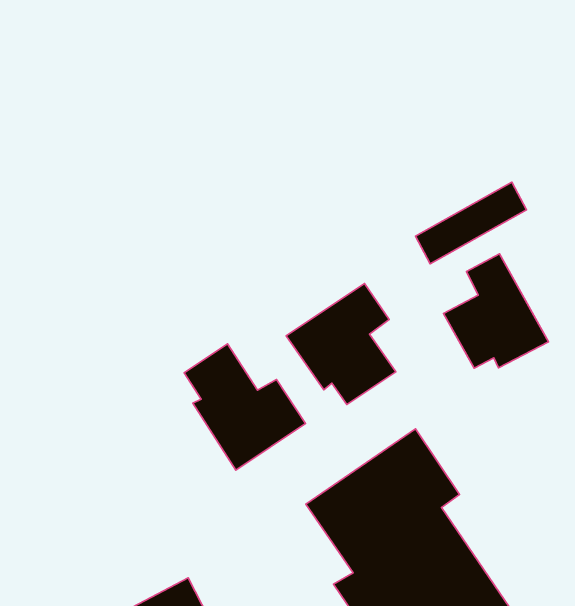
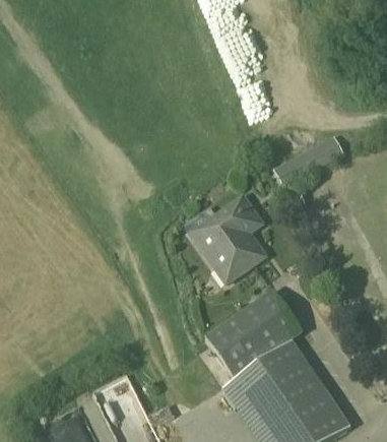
building: [444,254,548,368] -> none
building: [184,344,306,470] -> none

